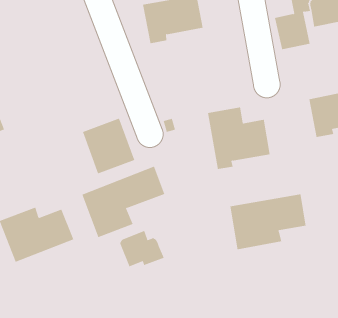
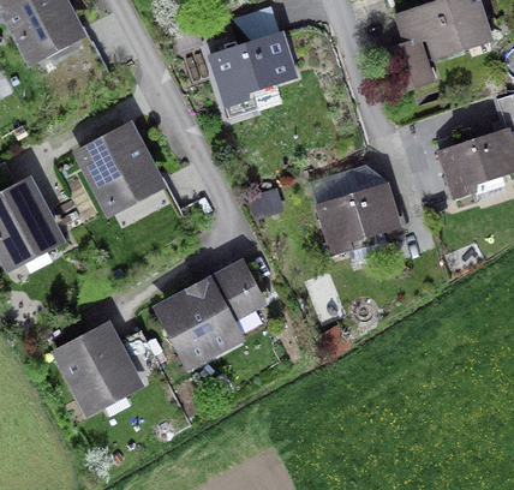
building: [82,118,135,174] -> [83,131,155,207]
building: [230,193,306,250] -> none
building: [120,230,164,267] -> none

